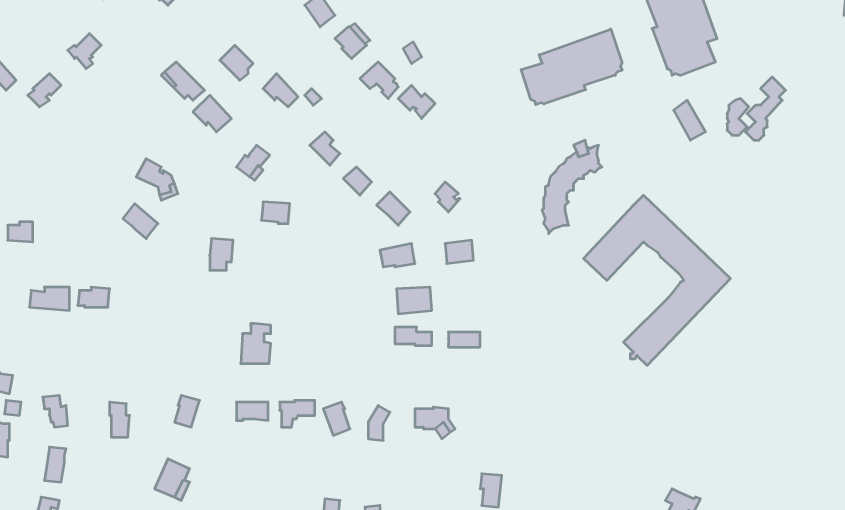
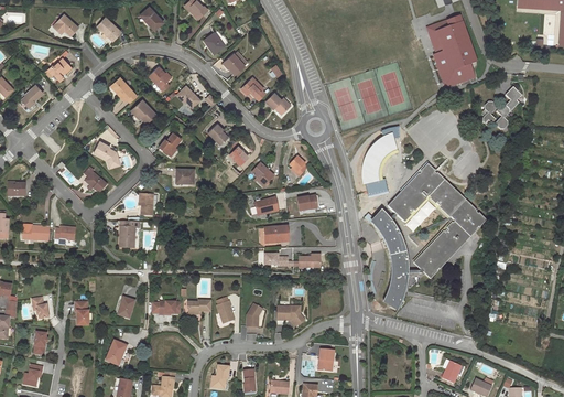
building: [521,29,622,105] -> none
building: none -> [373,210,411,307]
building: [241,324,271,364] -> [119,221,139,247]

